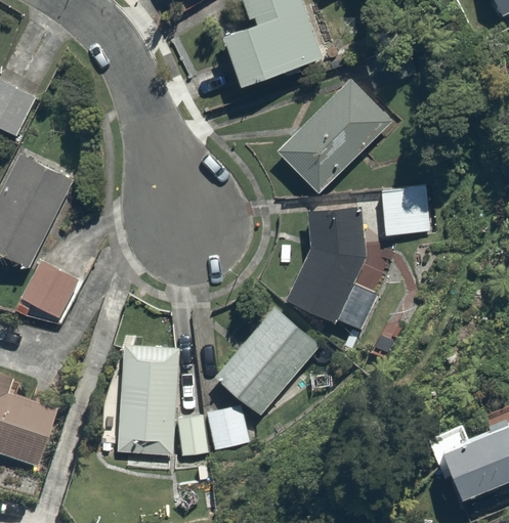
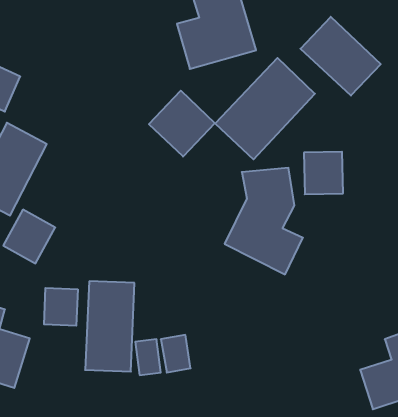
building: none -> [300,17,381,96]
building: none -> [149,91,215,157]
building: [212,303,329,422] -> none
building: none -> [44,288,78,326]

